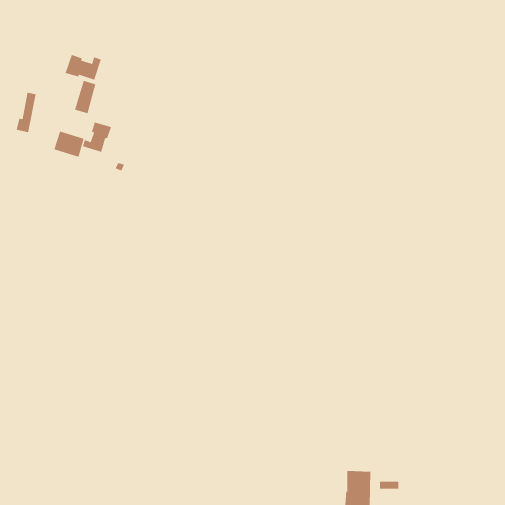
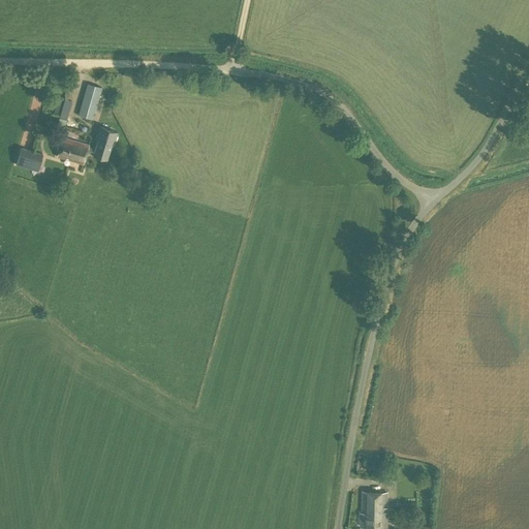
building: [65,54,101,80] -> none
building: none -> [14,149,41,173]

